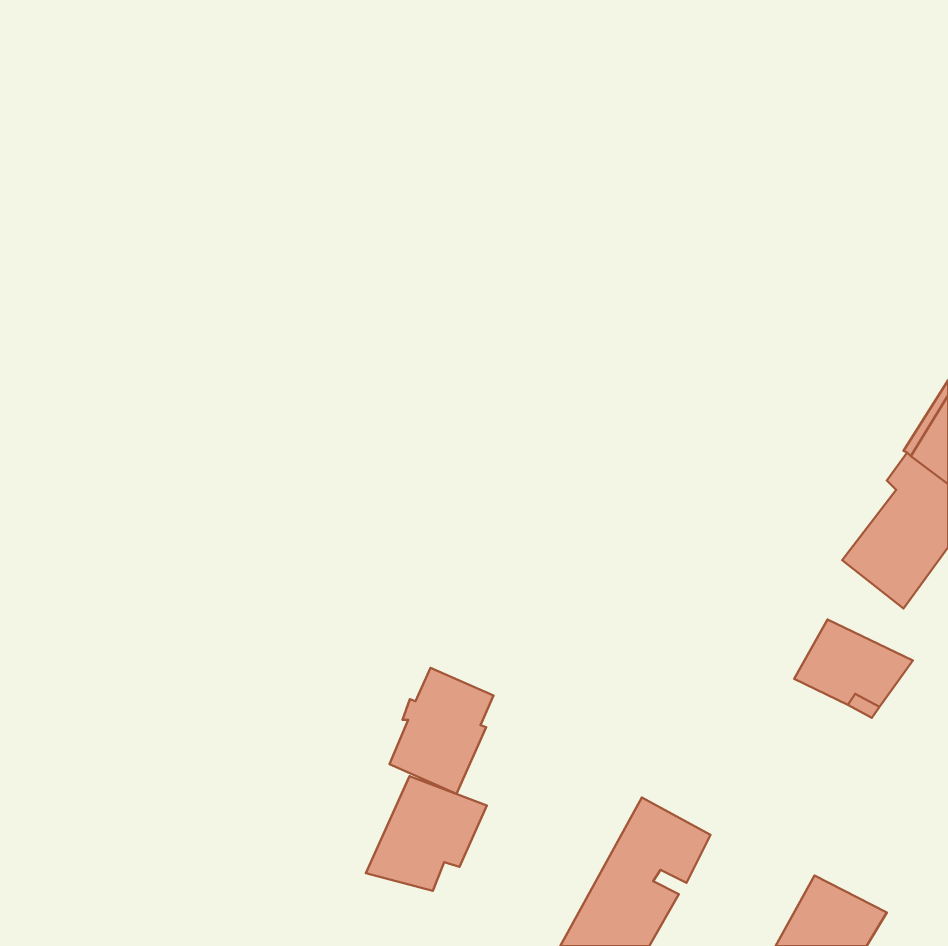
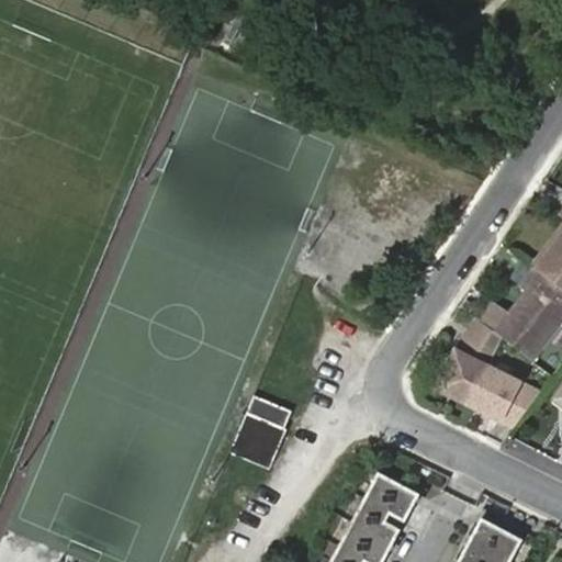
building: none -> [439,318,504,402]
building: [366,776,487,891] -> none

